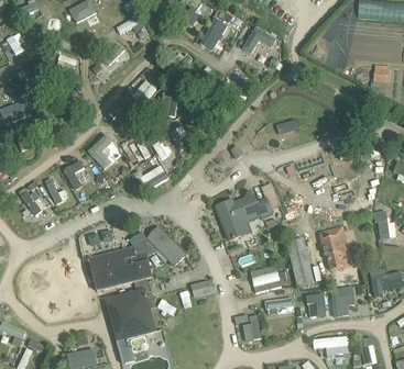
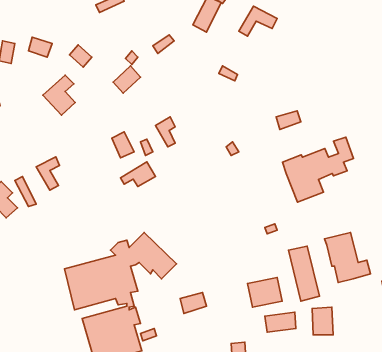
building: [87,134,116,169] -> [43,75,75,115]
building: [216,186,279,243] -> [283,137,353,202]
building: [331,288,354,317] -> none

